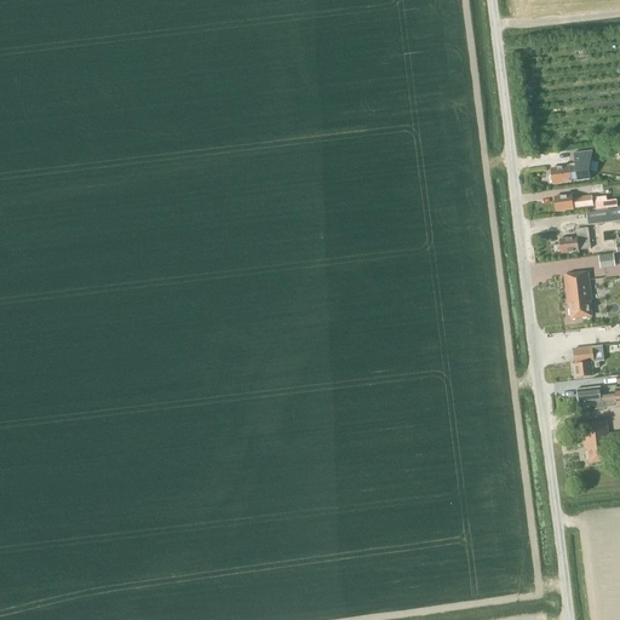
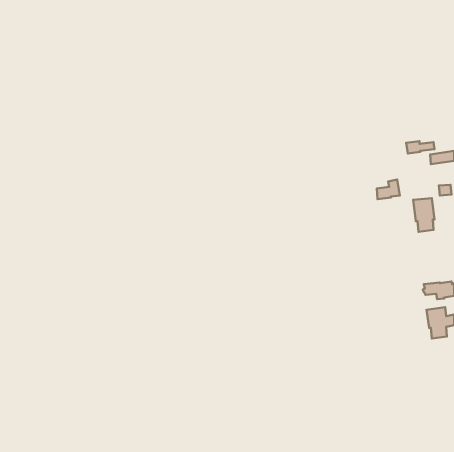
building: [550,149,592,182] -> none
building: [559,225,591,252] -> [377,180,400,199]
building: [573,344,604,375] -> none

